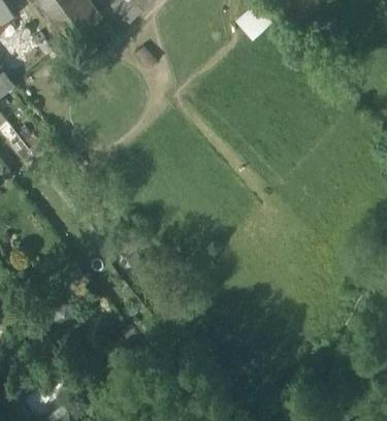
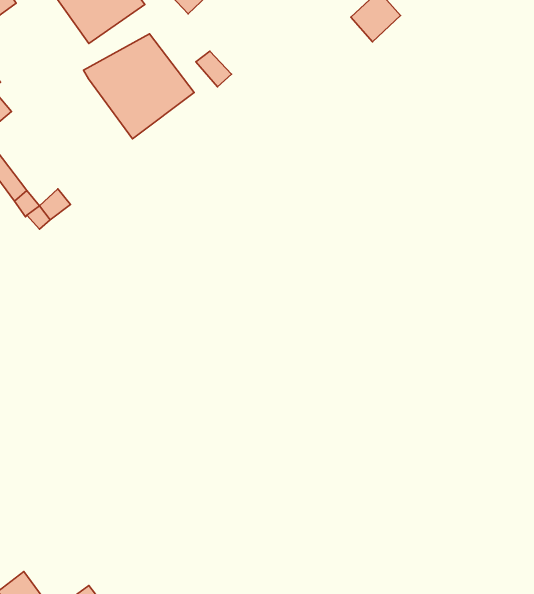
building: none -> [84,34,194,139]

